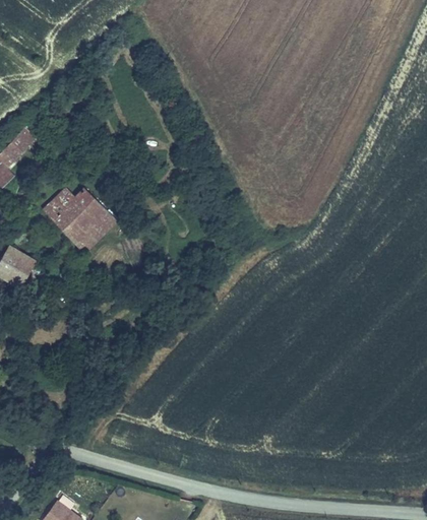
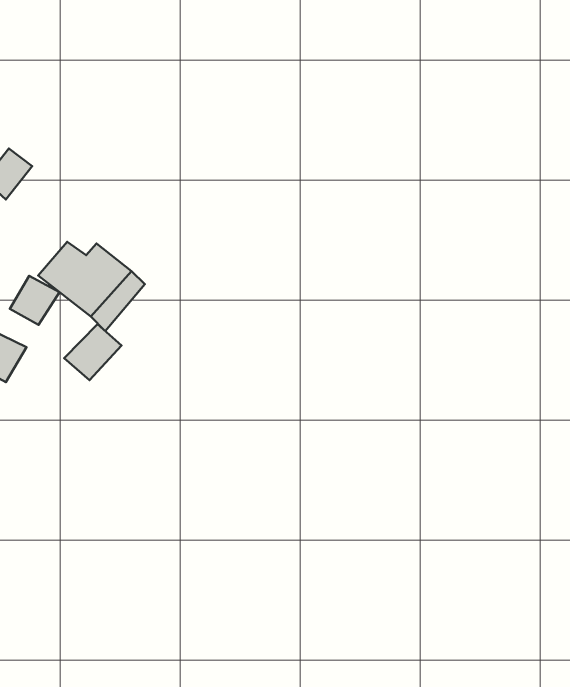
building: none -> [10,276,60,325]
building: none -> [64,324,121,380]

